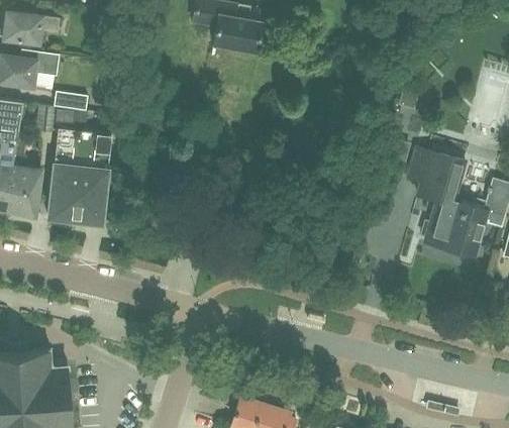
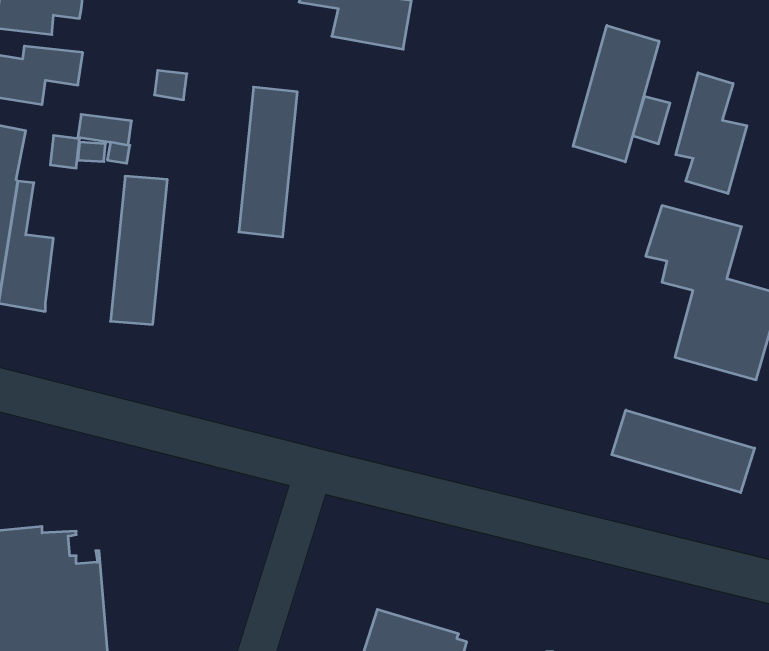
building: none -> [573,25,659,162]
building: none -> [676,73,747,194]
building: [46,128,83,221] -> [239,87,297,237]
building: none -> [612,410,755,493]

